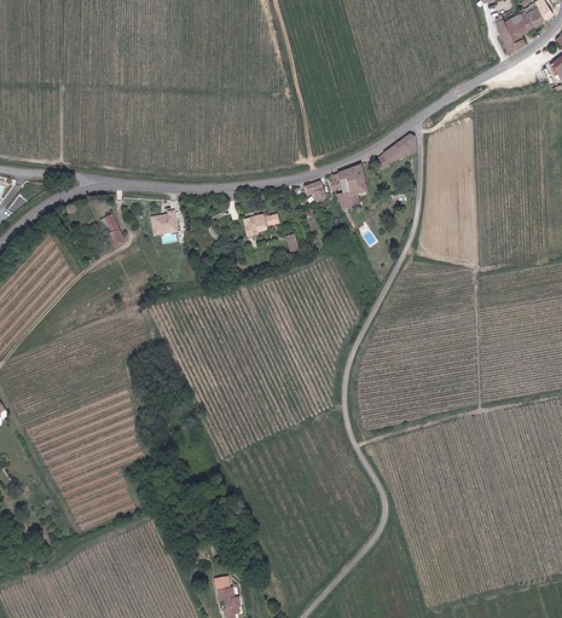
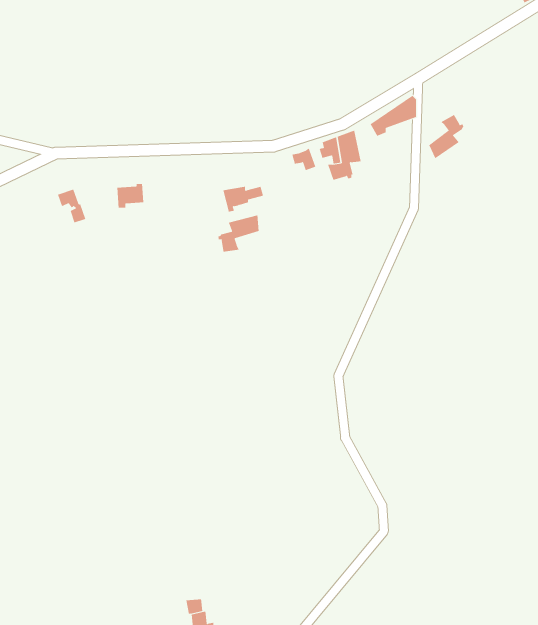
building: none -> [429,114,464,159]
building: none -> [218,215,259,252]

